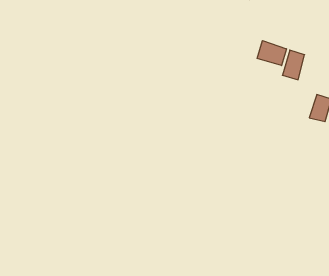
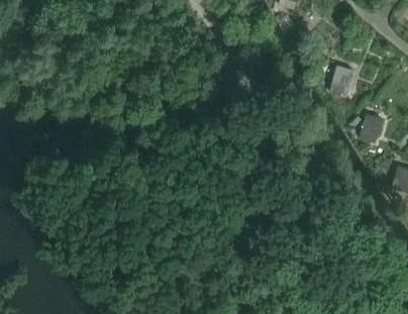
building: [257,41,286,66] -> none

